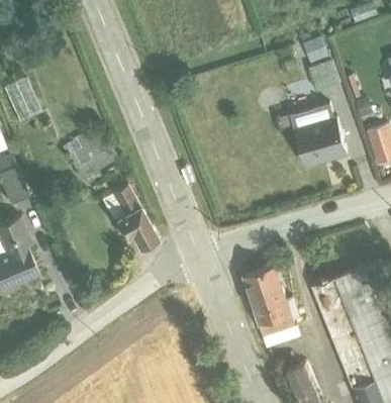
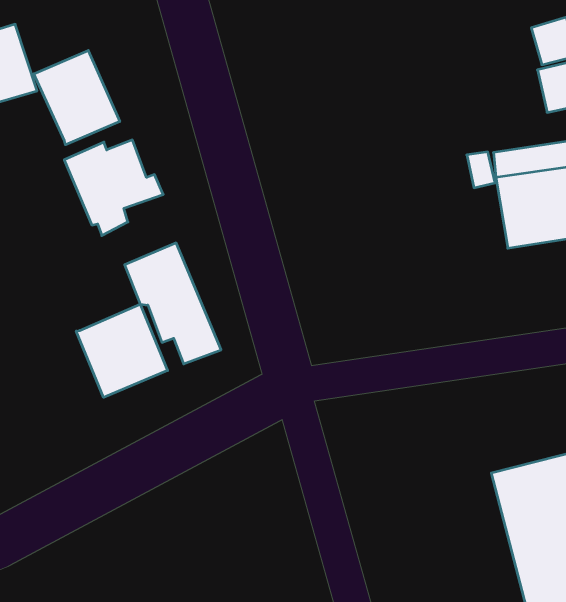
building: none -> [34,50,120,145]
building: none -> [76,304,168,397]
building: [243,266,301,347] -> none

